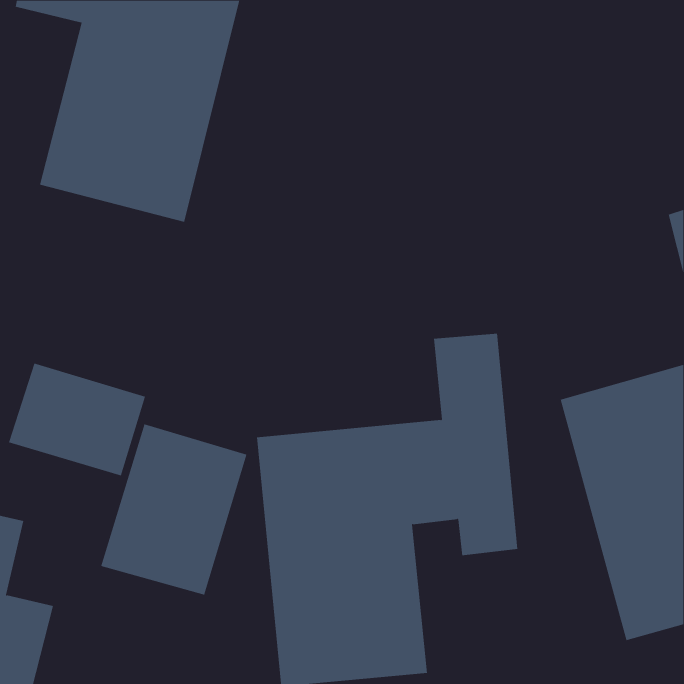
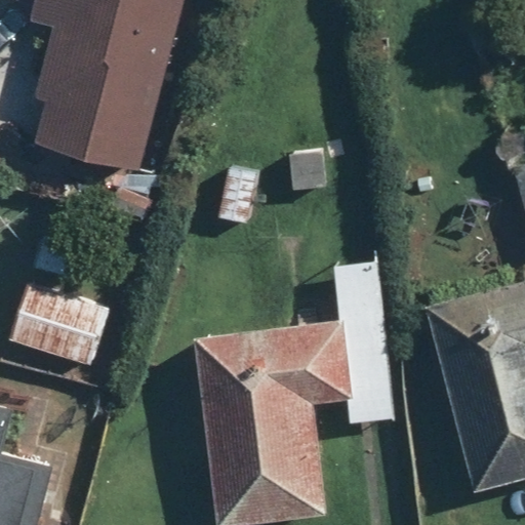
building: [101,424,247,596] -> none

